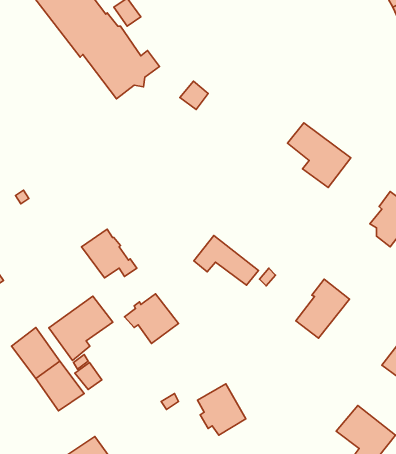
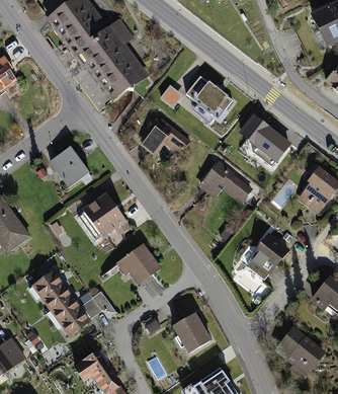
building: none -> [186,76,235,113]
building: none -> [145,120,190,152]
building: none -> [51,147,87,185]
building: [194,235,258,285] -> [202,163,251,201]
building: [49,296,113,360] -> none

